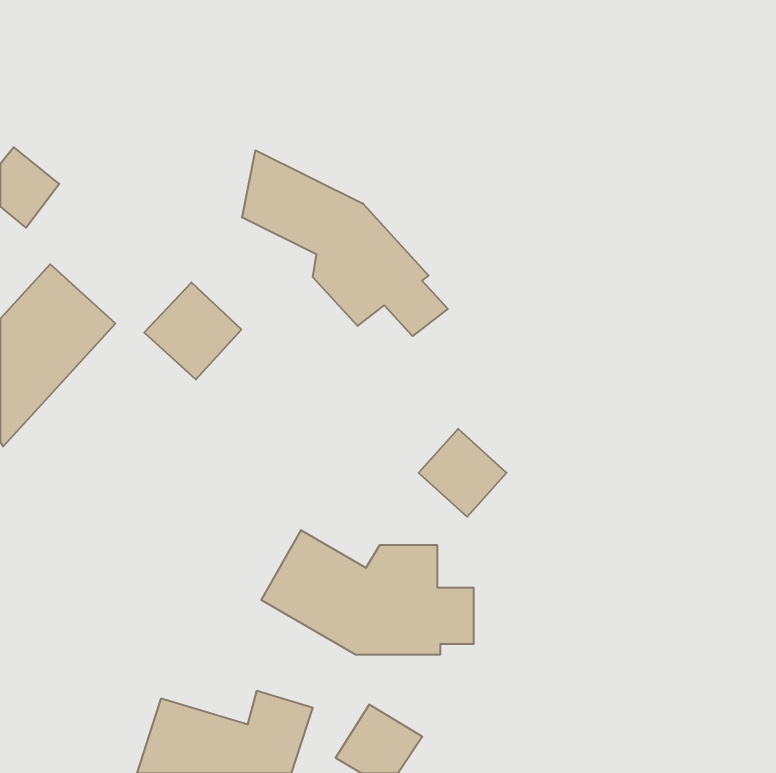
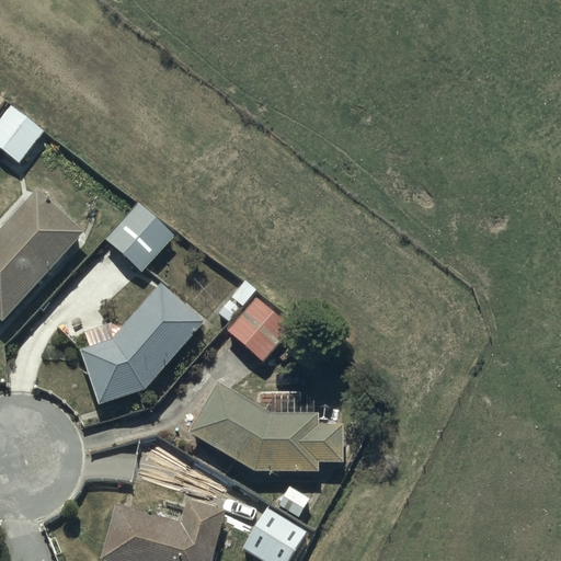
building: [242,150,448,336] -> none
building: none -> [80,285,202,404]
building: [419,429,507,517] -> [228,299,291,363]

